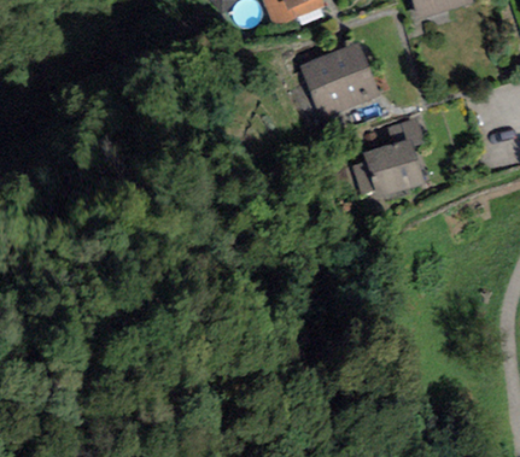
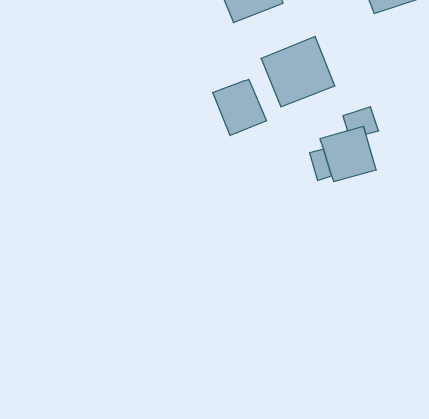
building: none -> [213,79,266,136]

